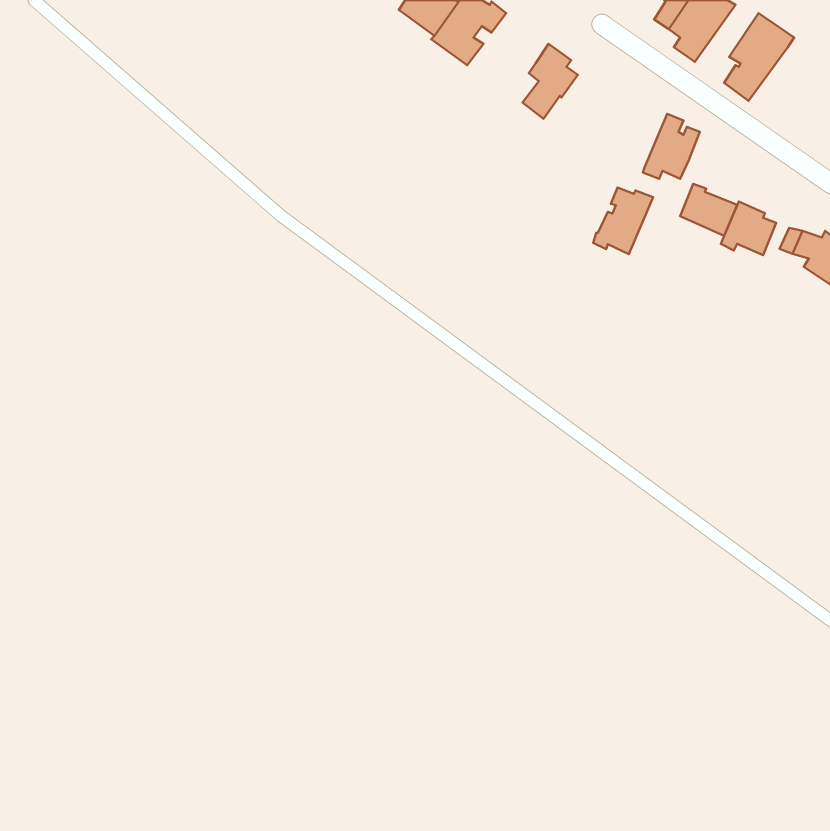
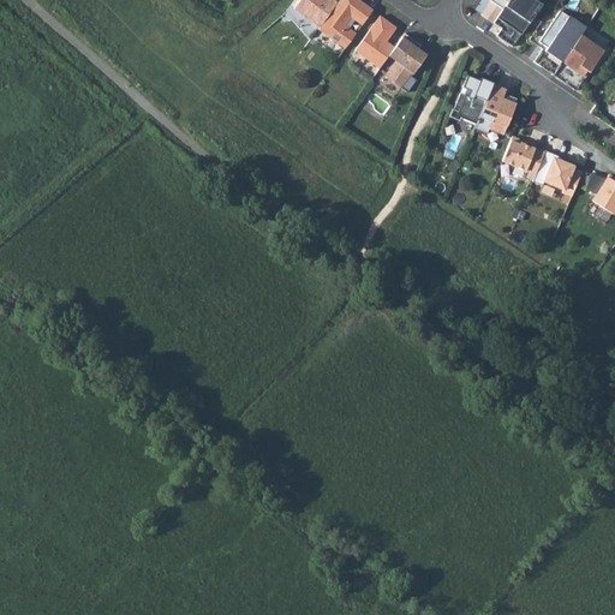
building: none -> [356,16,398,67]
building: none -> [554,35,605,89]
building: [593,187,653,254] -> [450,74,495,124]

